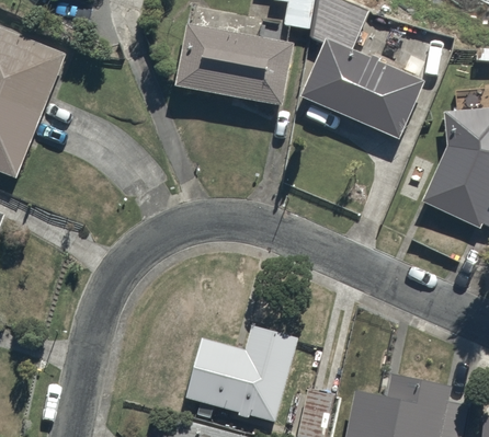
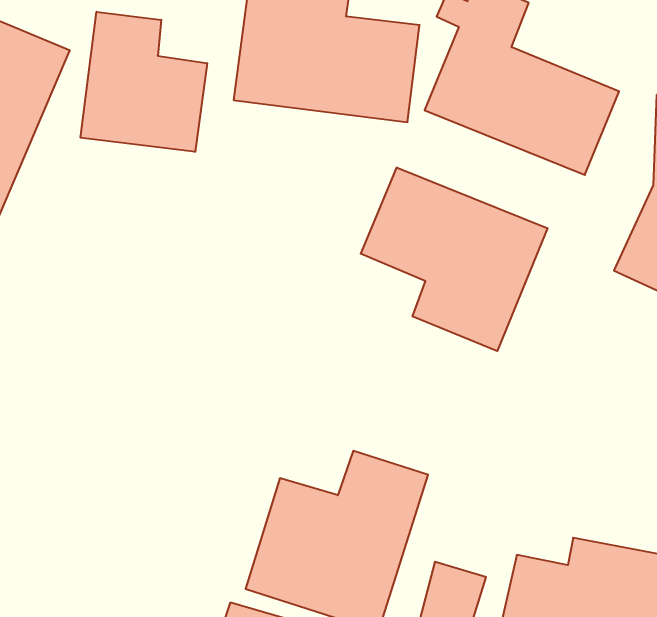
building: none -> [81,12,207,152]
building: none -> [361,167,548,351]

